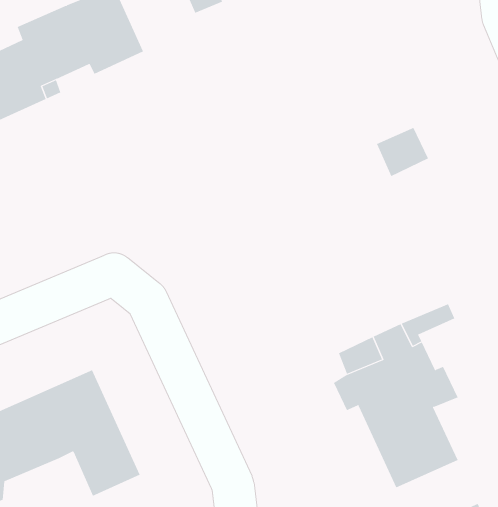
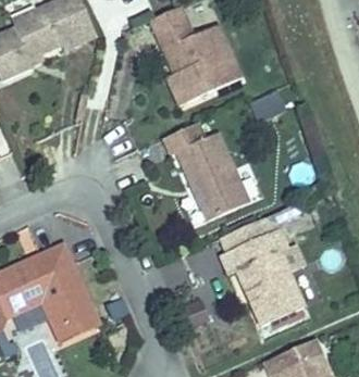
building: none -> [148,8,238,103]
building: none -> [163,123,248,219]

